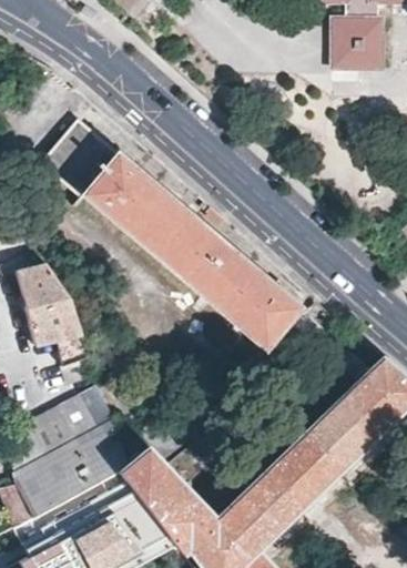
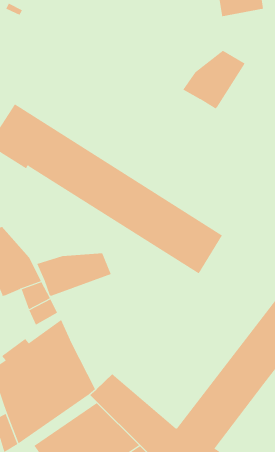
building: none -> [182,50,245,109]
building: none -> [36,252,112,297]

